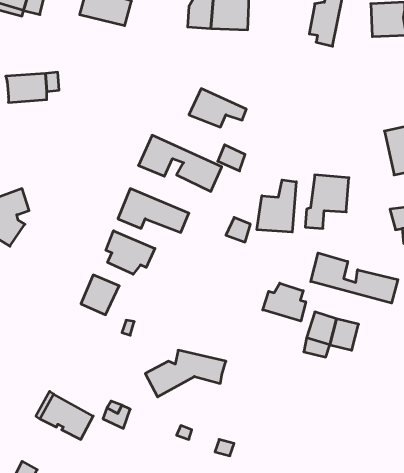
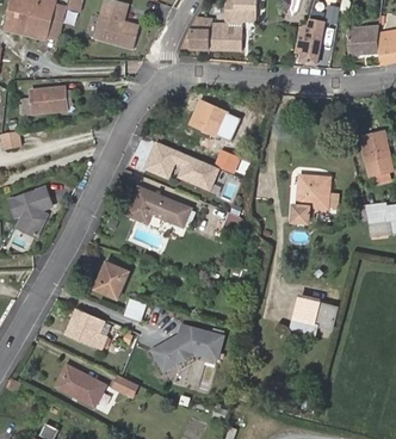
building: [257,180,296,232] -> none
building: [106,231,155,274] -> none
building: [311,253,398,303] -> none
building: [263,283,306,321] -> none
building: none -> [67,310,105,347]

